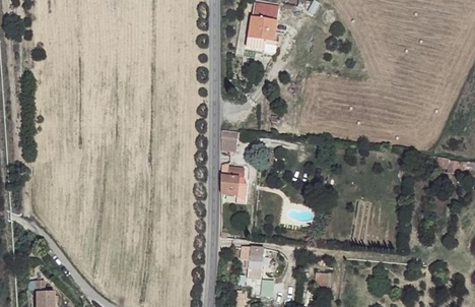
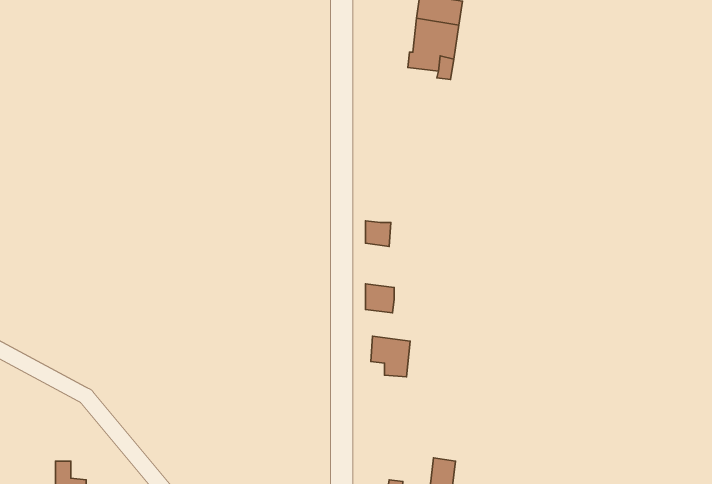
building: [242,246,265,270] -> [371,336,410,377]

